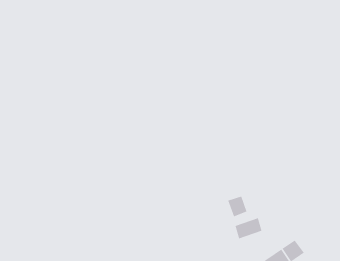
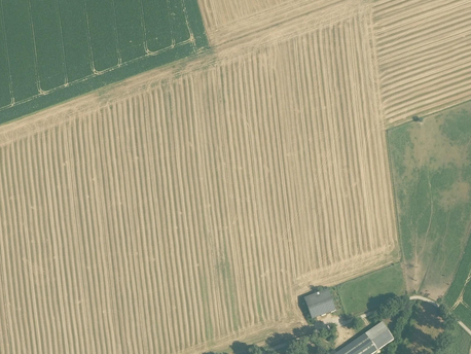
building: [227,196,248,218] -> none

